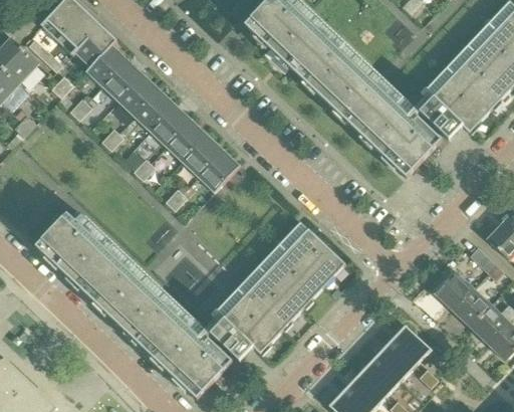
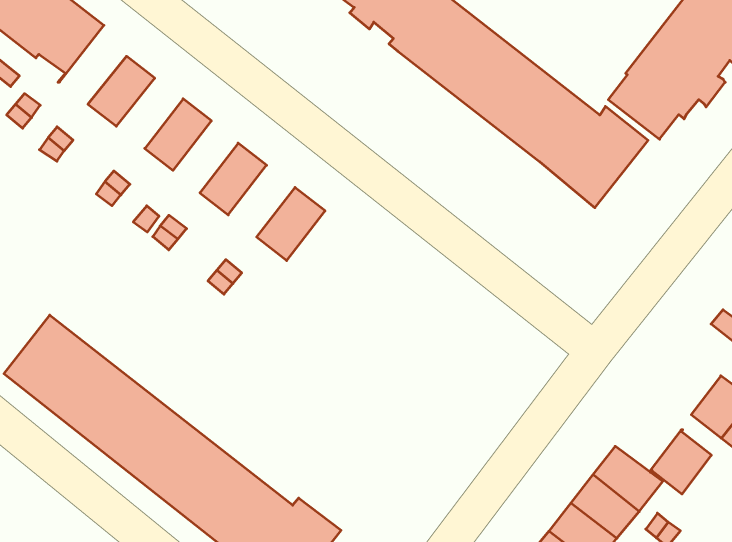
building: [85,38,127,85] -> none
building: [117,73,160,116] -> none
building: [150,102,191,146] -> none
building: [181,133,223,176] -> none
building: [210,227,344,360] -> none
building: [434,269,472,308] -> [650,430,711,494]

